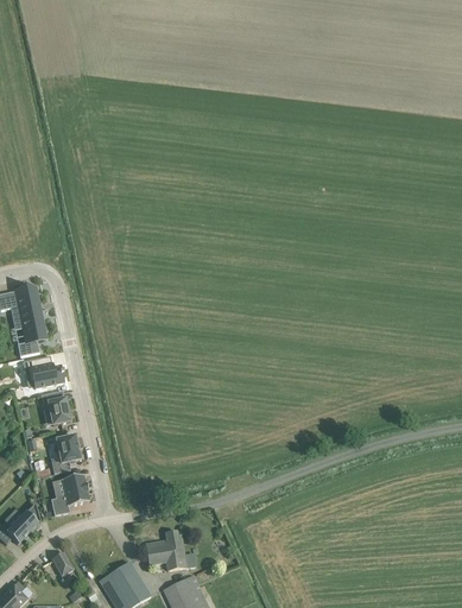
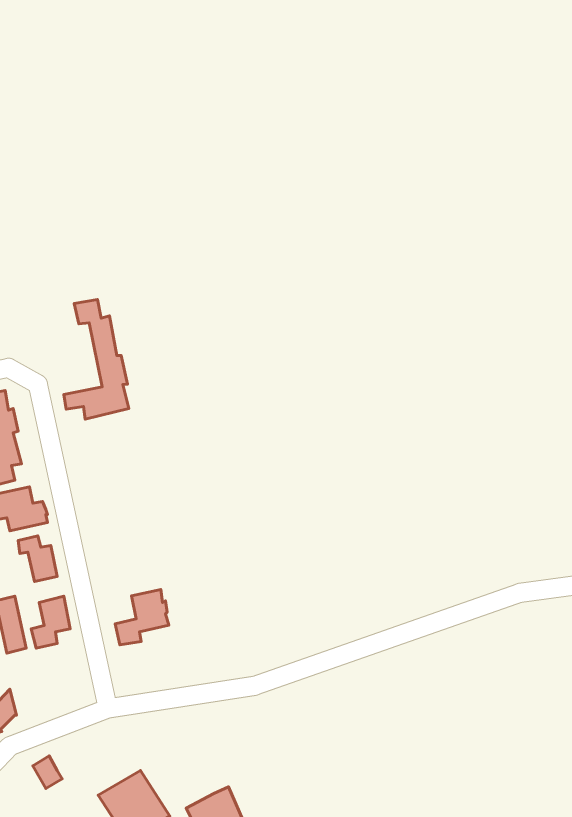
building: none -> [64,300,129,419]
building: [50,474,89,514] -> [115,589,169,645]
building: [145,530,196,570] -> none

